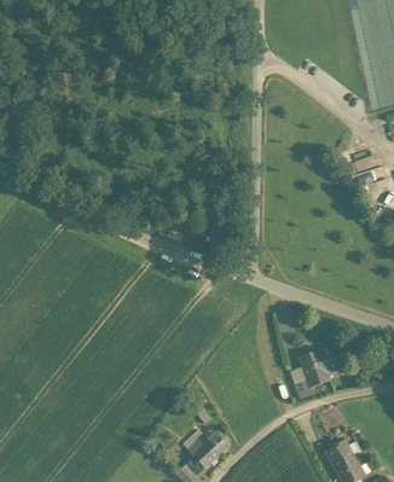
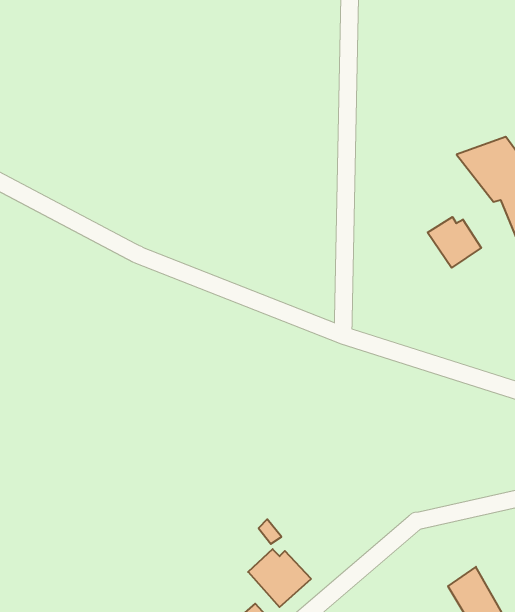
building: none -> [428,217,481,268]
building: [297,345,336,385] -> none

